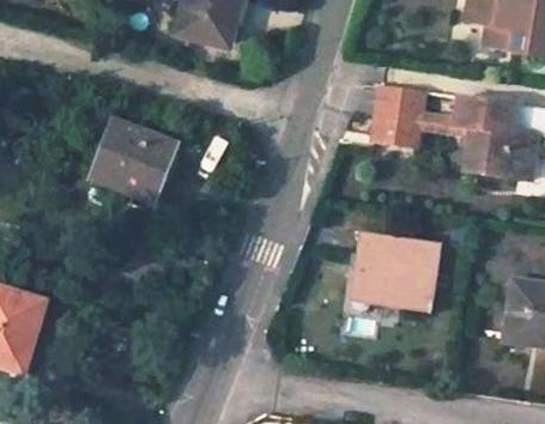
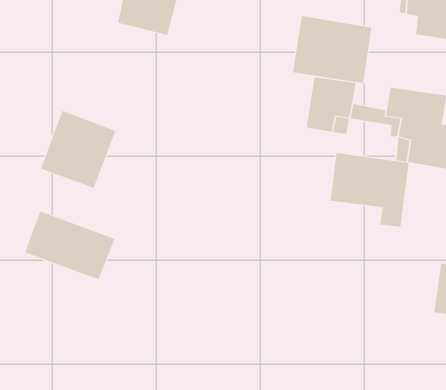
building: none -> [292,15,372,84]
building: none -> [25,210,115,280]
building: [353,235,436,313] -> [330,152,409,227]

